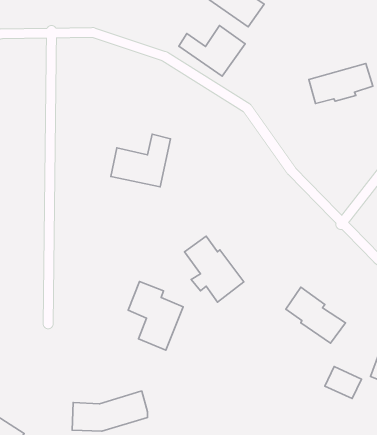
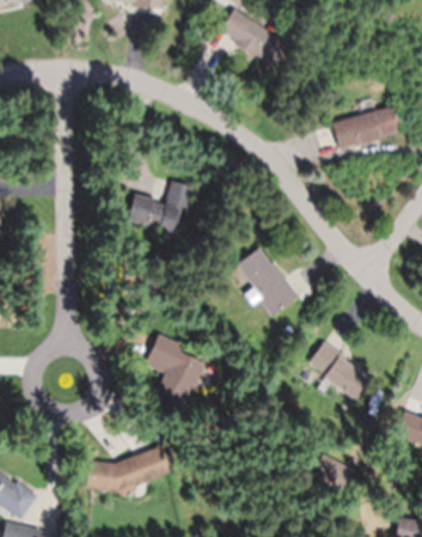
building: [179,26,245,76] -> none
building: [184,236,244,302] -> [238,249,300,318]
building: [325,367,361,399] -> [313,457,351,490]

